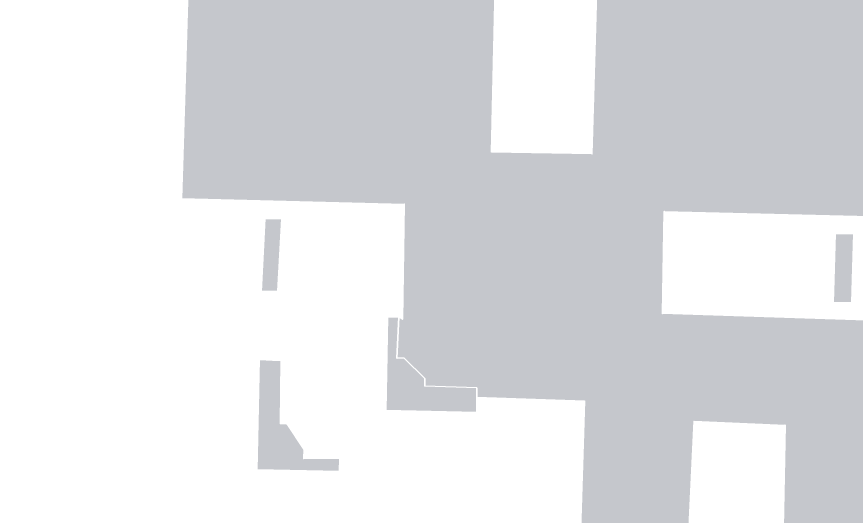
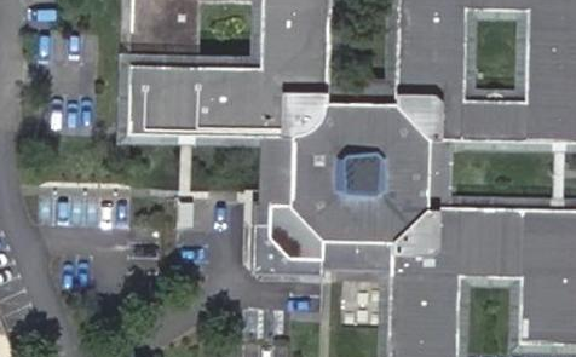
building: [257,359,340,472] -> none

